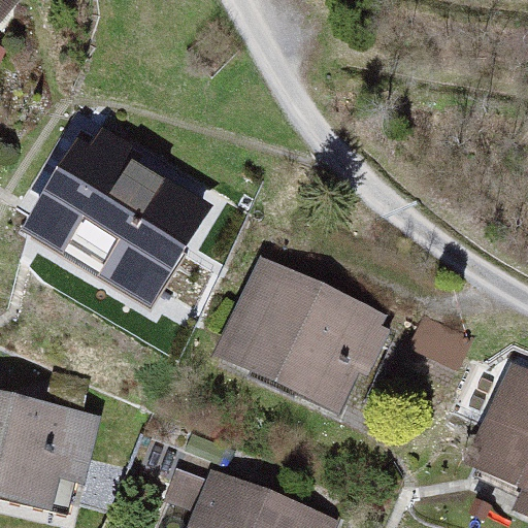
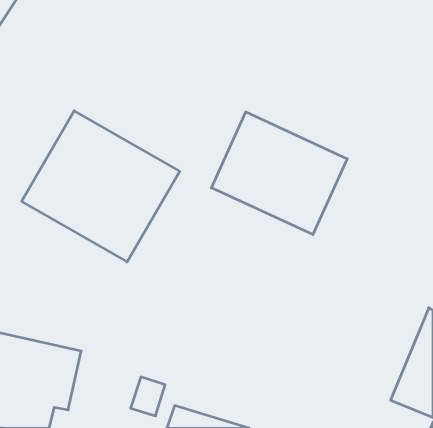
building: none -> [211,112,347,235]
building: [213,257,390,420] -> none

